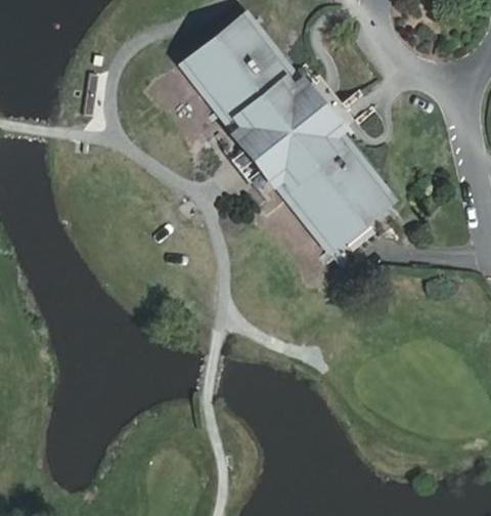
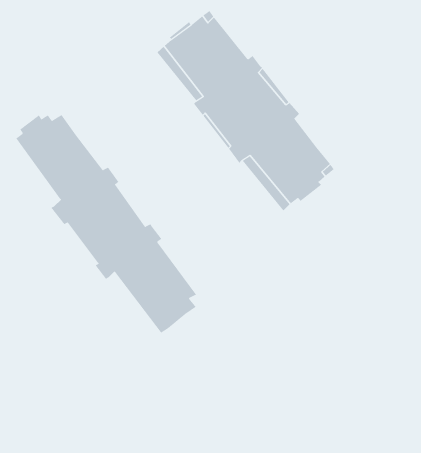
building: none -> [16,114,197,334]

